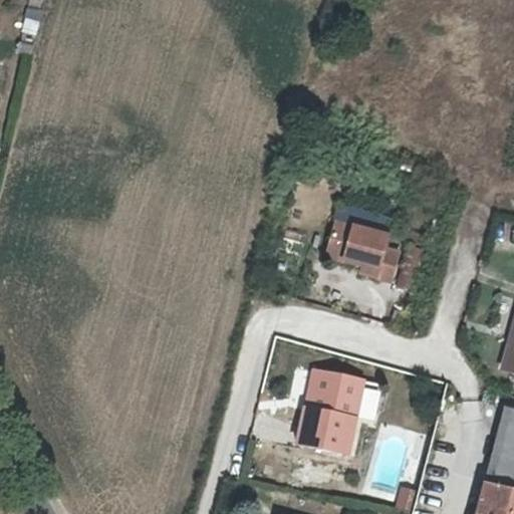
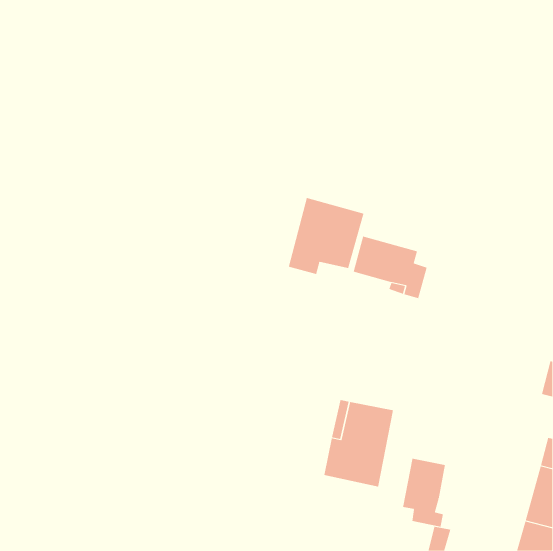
building: none -> [288,197,364,275]
building: none -> [402,458,445,527]

